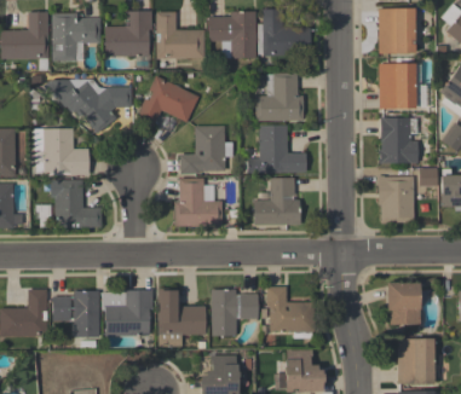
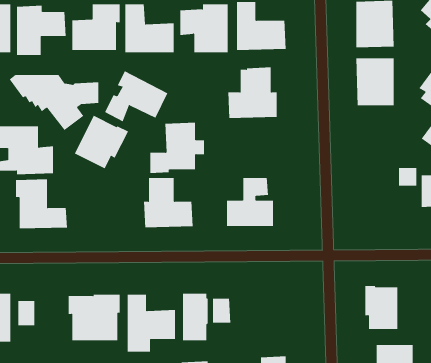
building: [379,116,417,163] -> none
building: none -> [74,115,129,169]
building: [247,124,306,173] -> none
building: [376,175,415,222] -> none
building: [267,286,313,337] -> none
building: [74,290,99,337] -> none

